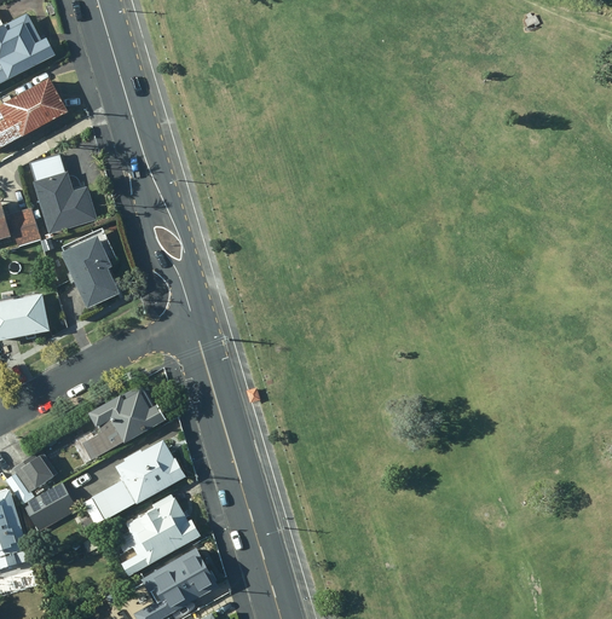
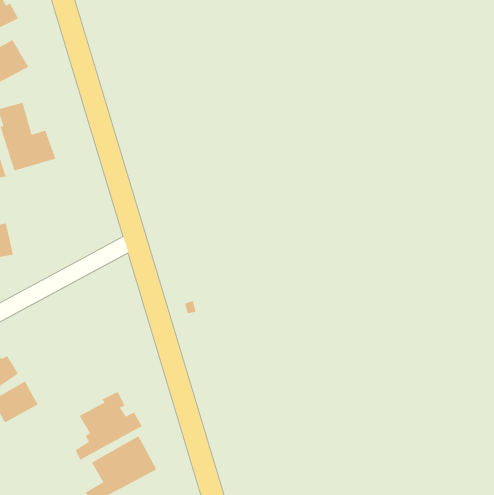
building: [58,237,119,311] -> none
building: [82,384,163,457] -> none
building: [92,441,184,519] -> none

